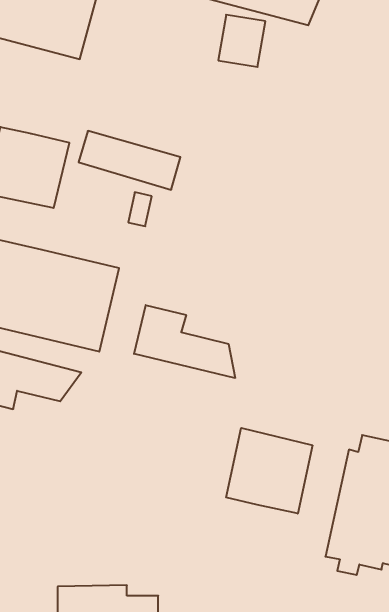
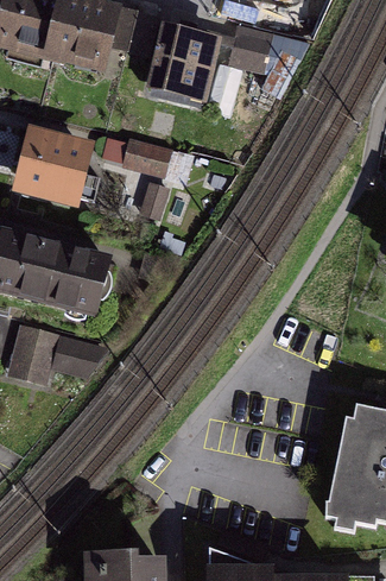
building: none -> [148,30,215,108]
building: [134,305,235,378] -> none
building: [226,428,312,514] -> none

